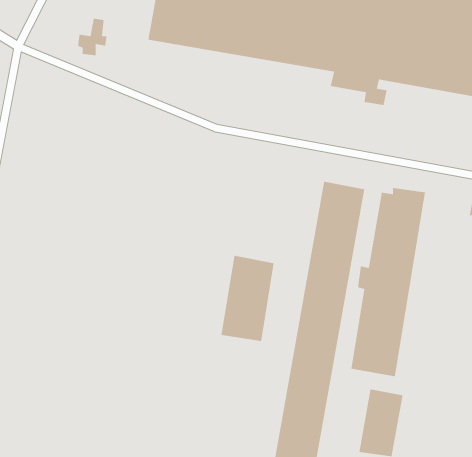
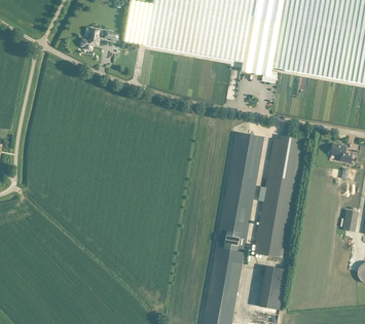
building: [221,255,274,342] -> none

